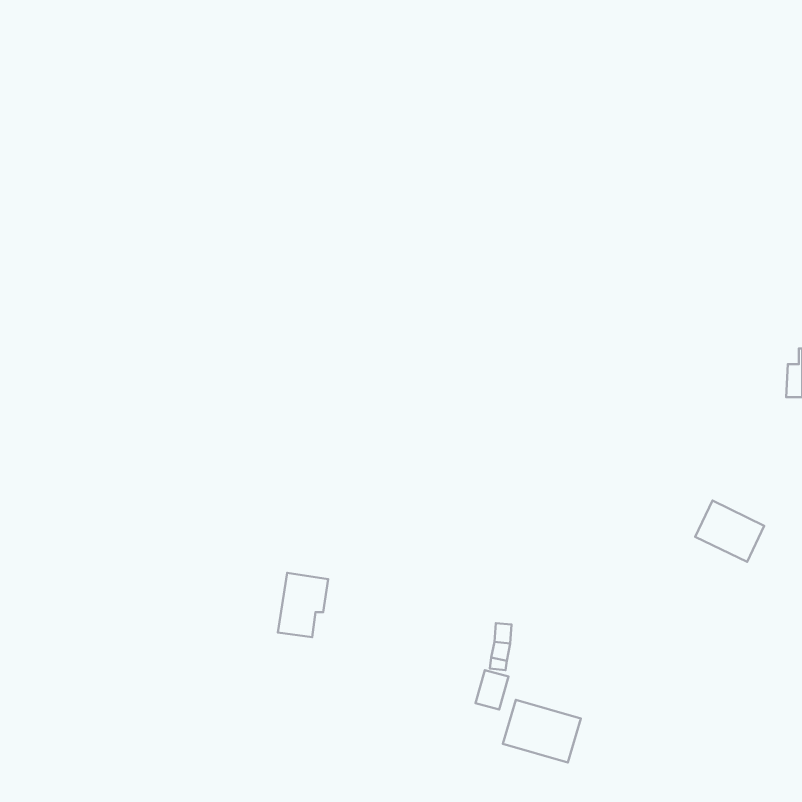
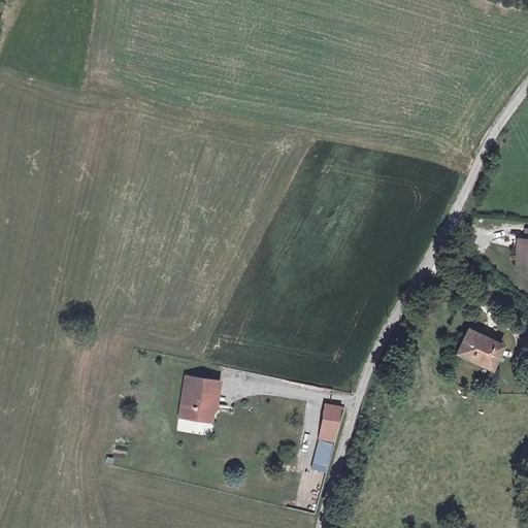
building: [503,700,581,763] -> none

